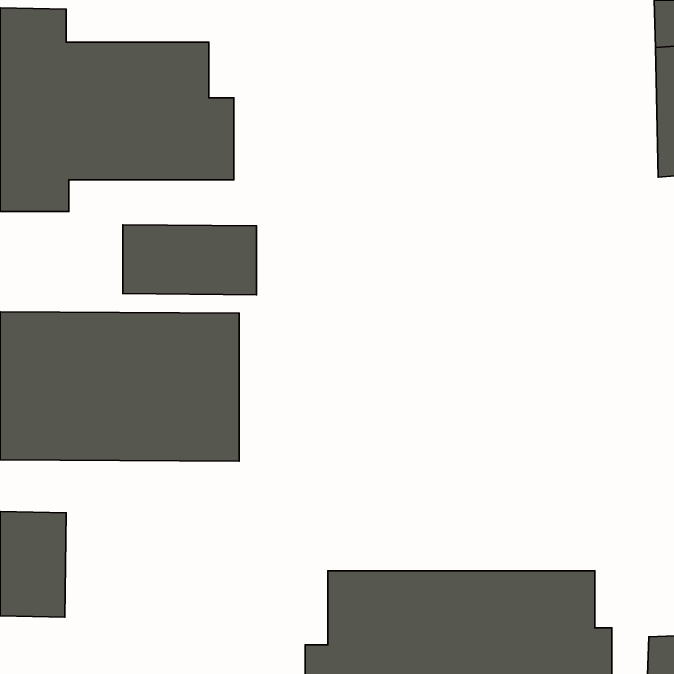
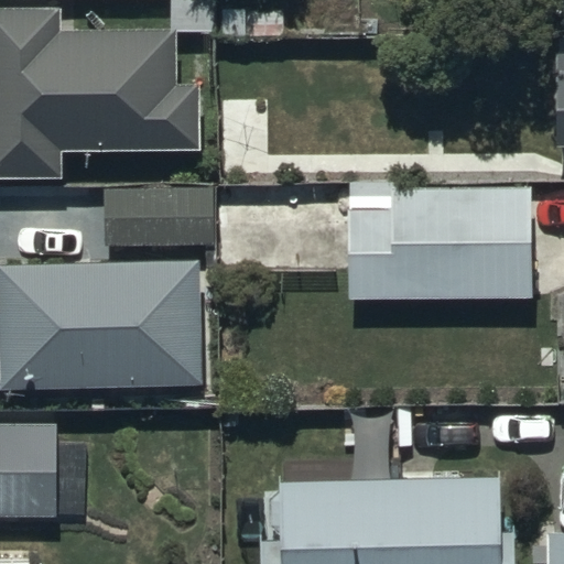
building: none -> [346,182,530,299]

